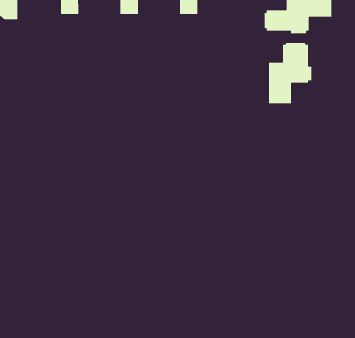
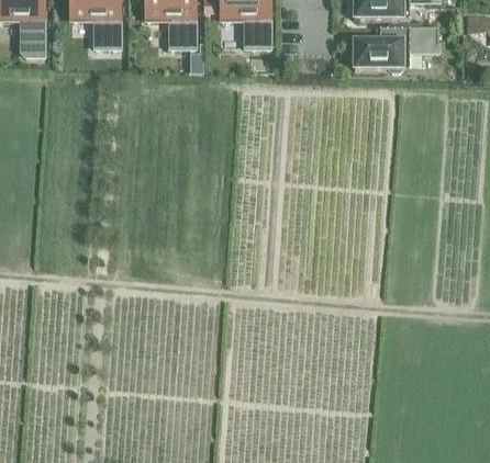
building: [268,42,312,104] -> none

